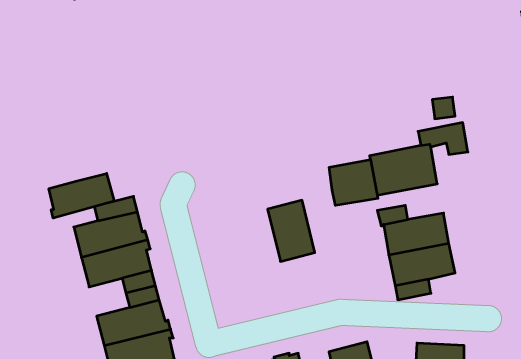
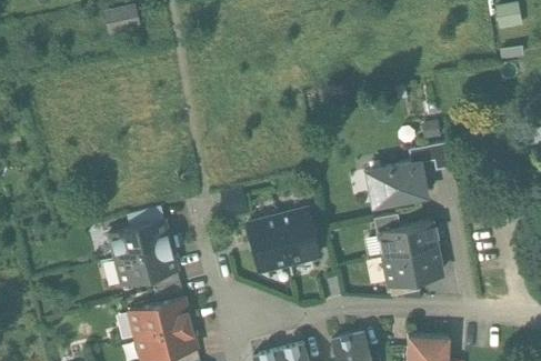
building: [329,159,378,205] -> none
building: [49,173,114,218] -> none
building: none -> [247,218,289,271]

